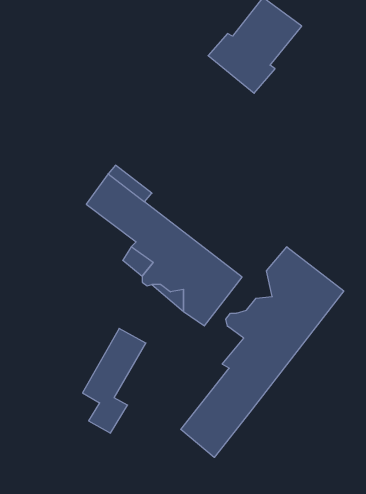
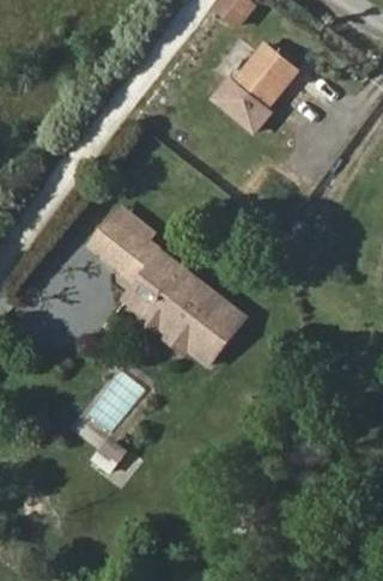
building: [181,247,344,457] -> none

